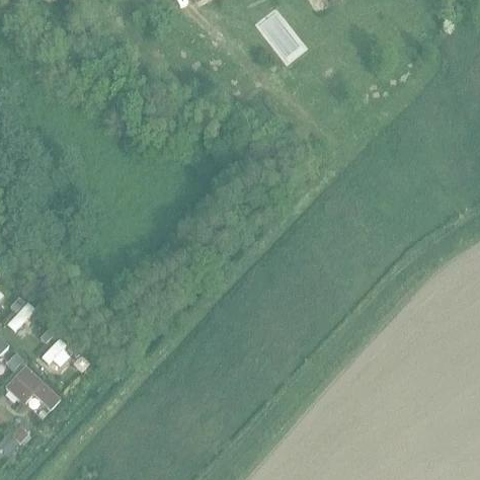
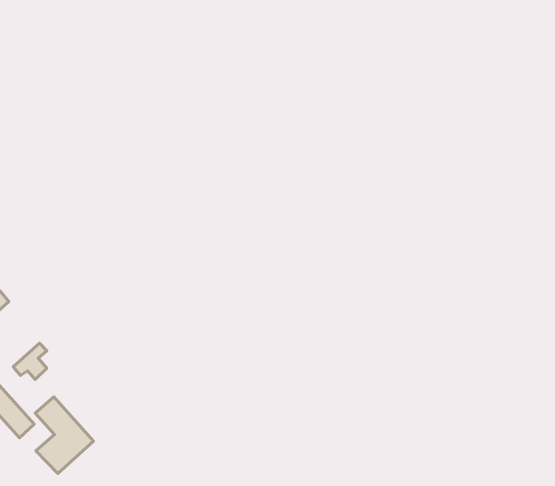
building: none -> [35,397,93,473]

